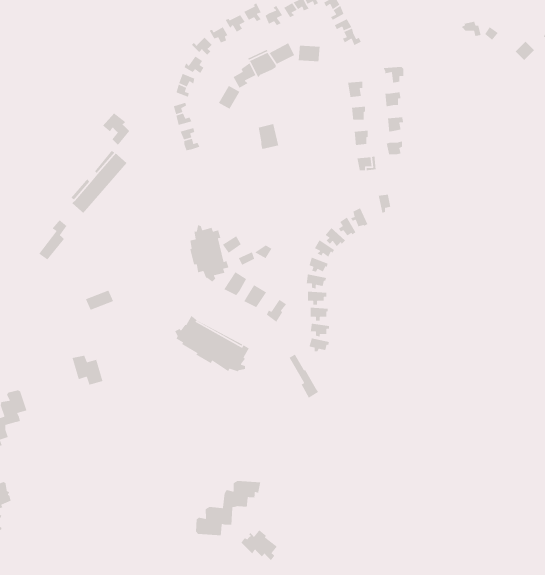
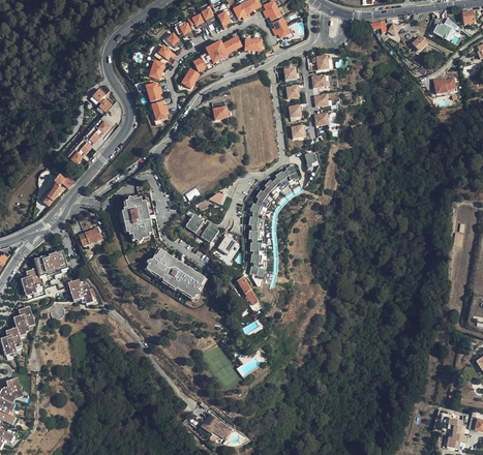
building: [189,224,229,283] -> [122,196,153,242]
building: none -> [21,249,67,295]
building: [195,480,261,536] -> none

